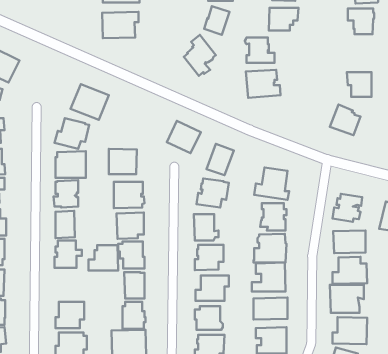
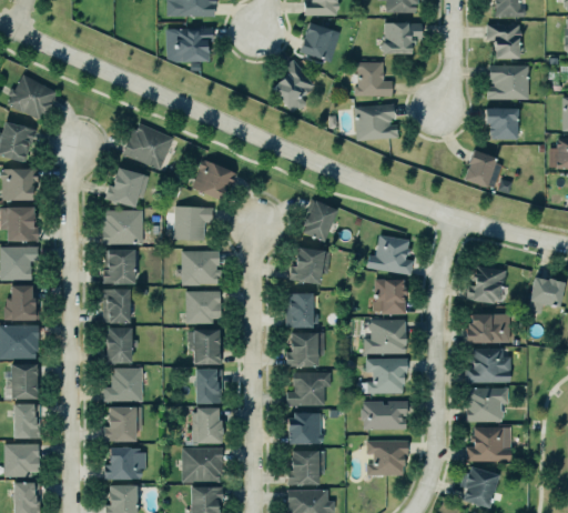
building: none -> [487,66,529,100]
building: [167,121,201,153] -> [191,160,235,202]
building: [89,245,118,271] -> [103,369,142,402]

